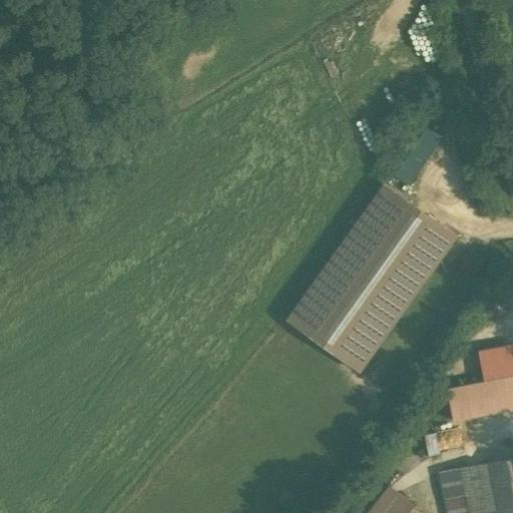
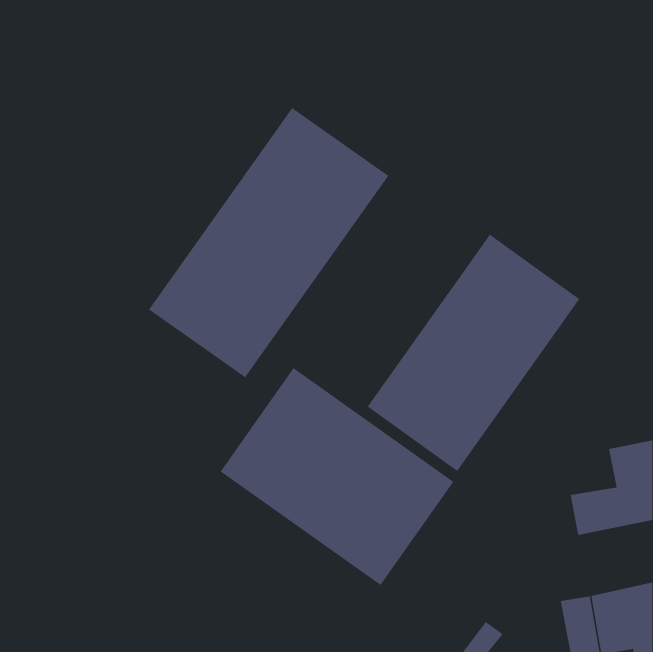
building: none -> [148,107,389,378]
building: none -> [220,367,454,586]

